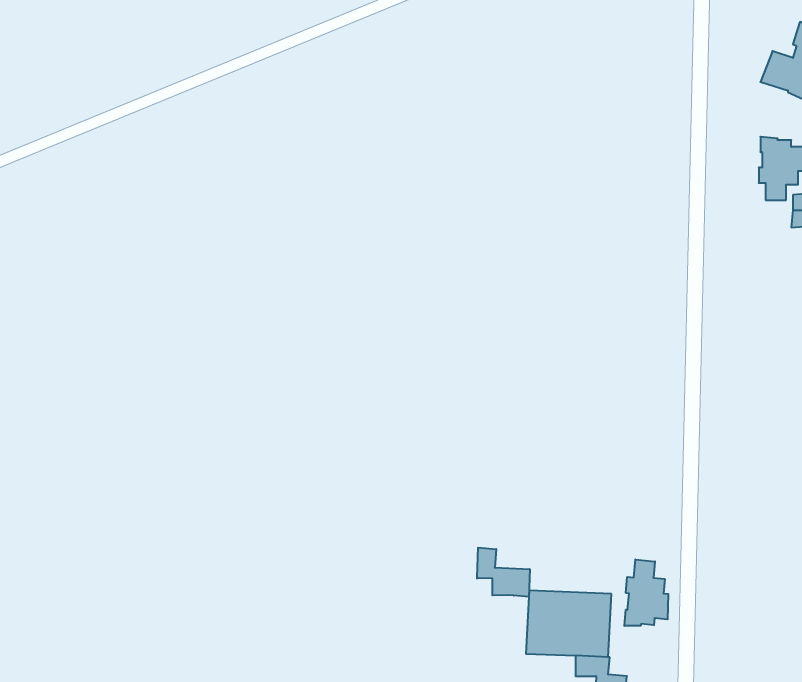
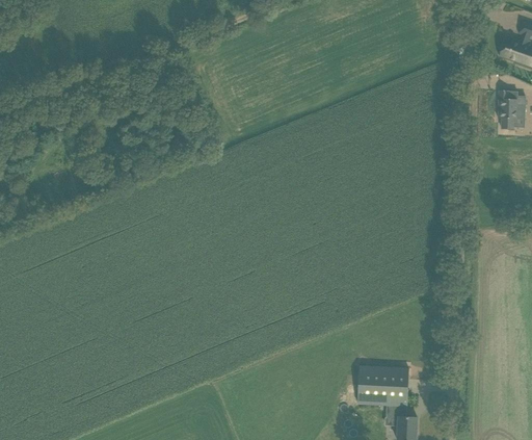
building: [477,548,530,597] -> none
building: [624,559,668,626] -> none

